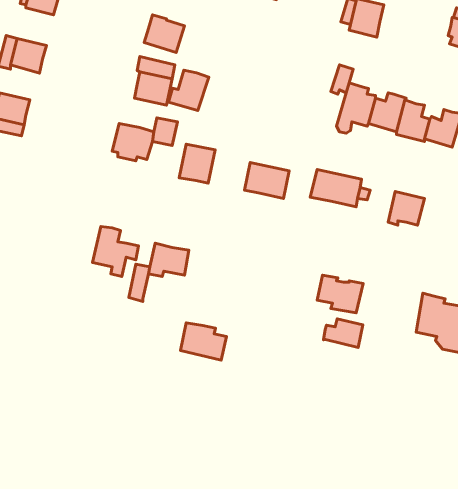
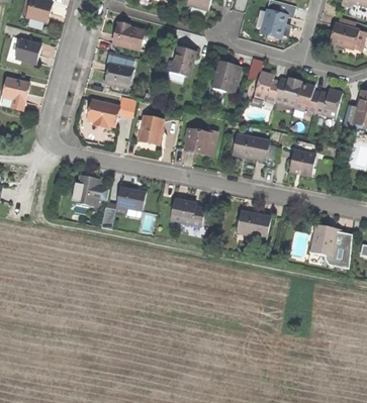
building: none -> [212,59,239,91]
building: [168,70,209,111] -> [167,45,196,75]
building: [323,319,363,348] -> none
building: [181,323,227,360] -> [171,198,204,225]

